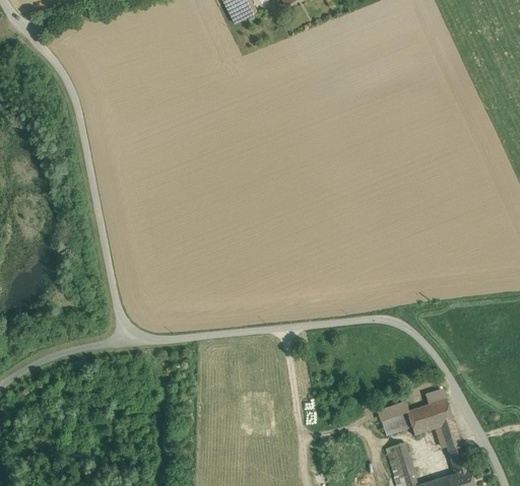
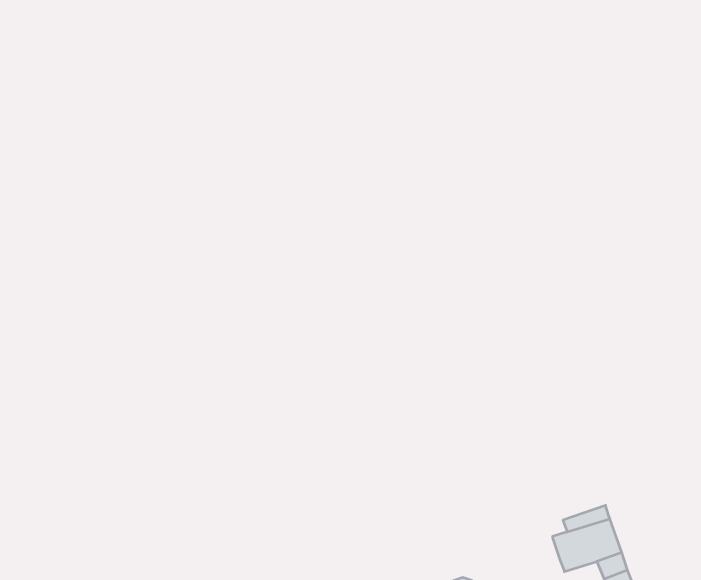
building: [381,412,411,435] -> none

